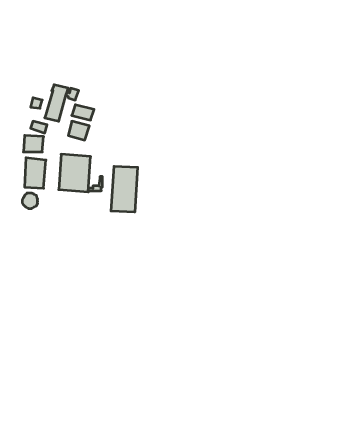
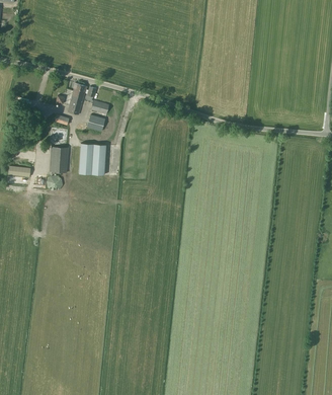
building: [111,166,138,212] -> none

